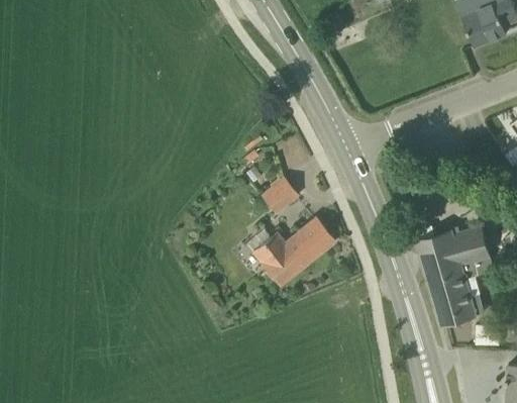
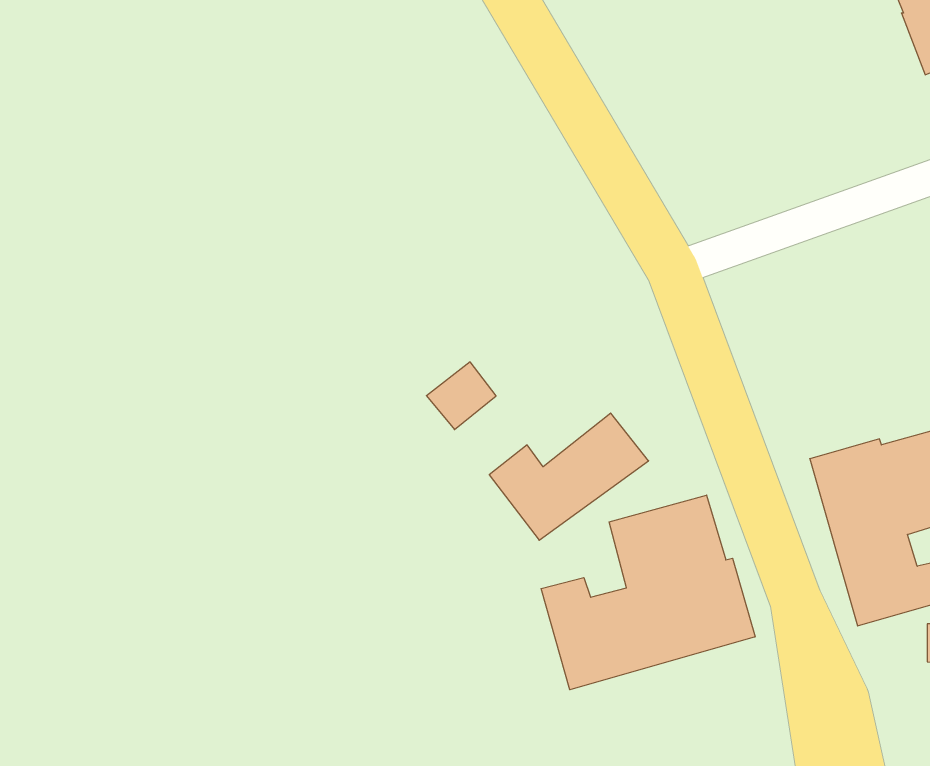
building: [263,179,298,213] -> [426,362,496,430]
building: none -> [541,495,755,690]

